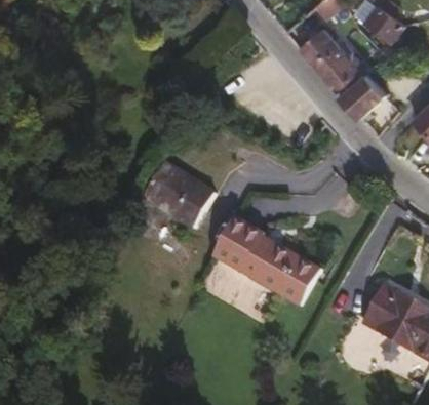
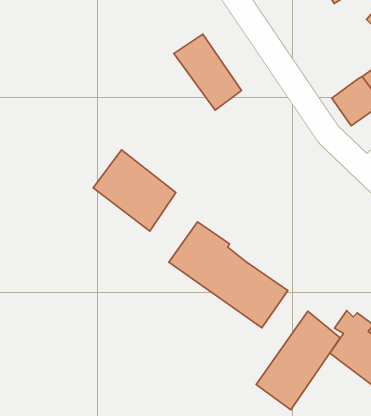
building: [299,30,361,95] -> [174,34,242,110]
building: none -> [256,311,340,410]

